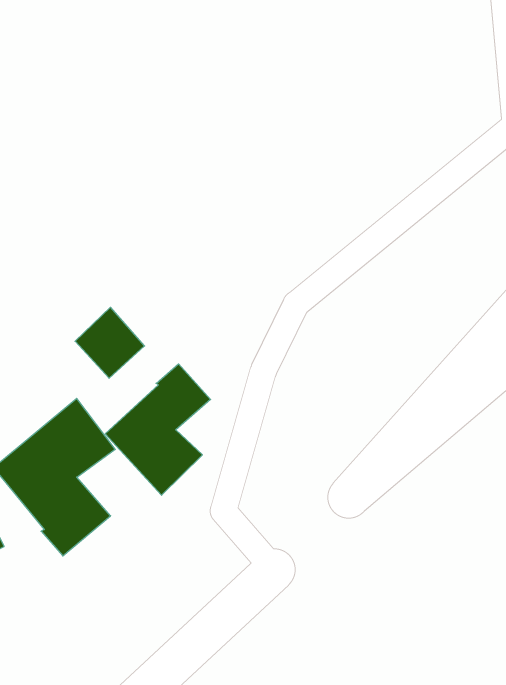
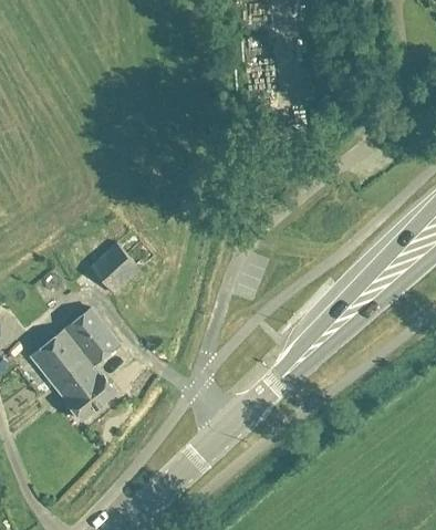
building: [105,364,211,495] -> none

